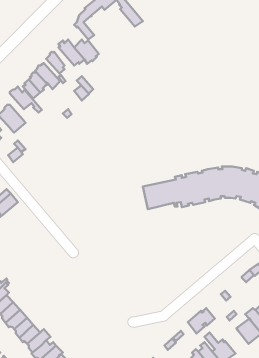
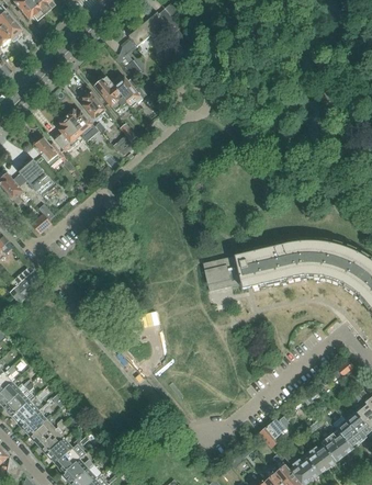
building: none -> [306,445,336,474]

